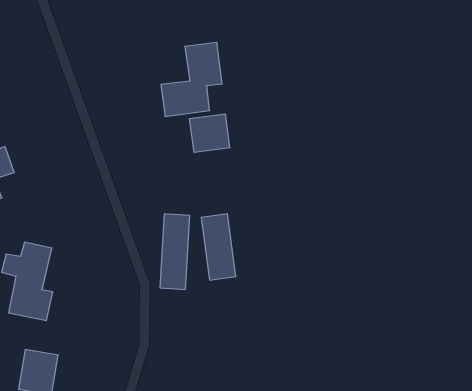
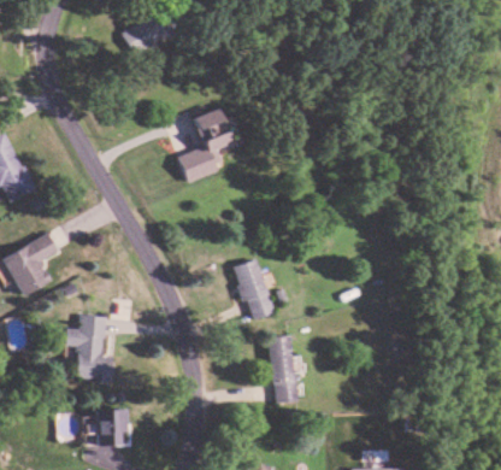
building: [190,114,230,152] -> none
building: [160,214,190,289] -> [267,335,297,404]

